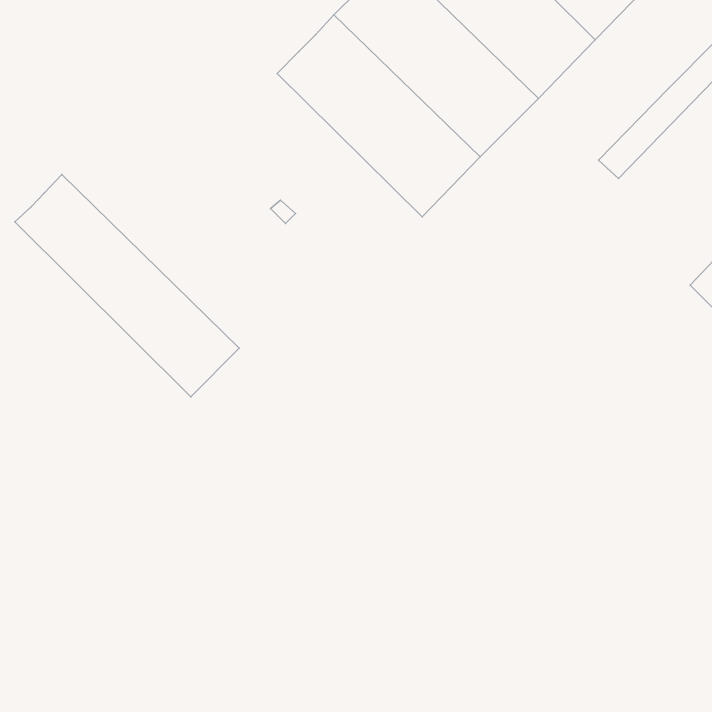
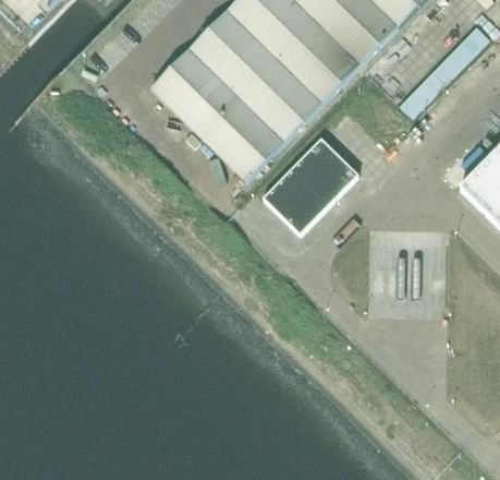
building: none -> [151,49,284,181]
building: [15,174,239,397] -> none
building: none -> [263,139,359,235]

